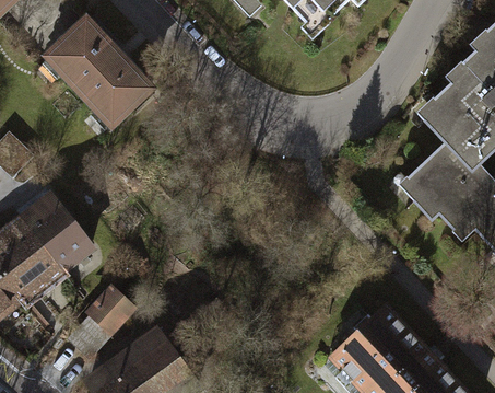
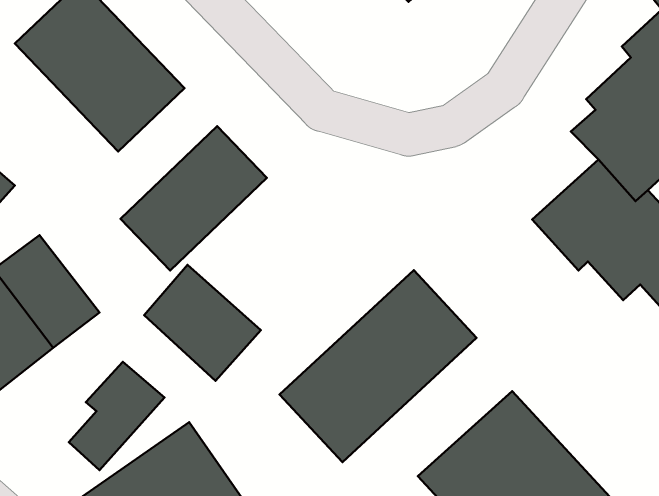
building: none -> [121,126,267,271]
building: none -> [144,265,261,381]
building: none -> [280,270,477,462]

